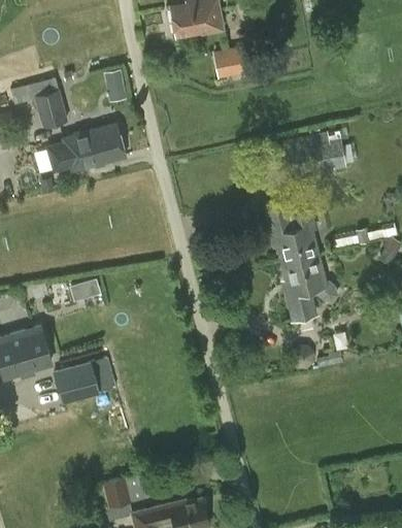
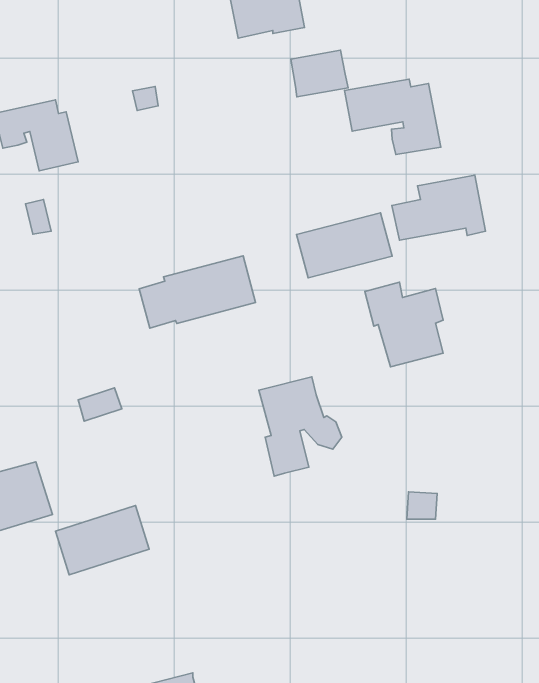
building: none -> [345,79,441,154]
building: [46,124,126,173] -> [139,256,255,328]
building: none -> [297,213,392,278]
building: [281,253,338,321] -> [259,377,342,476]

